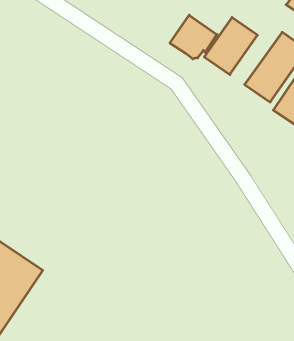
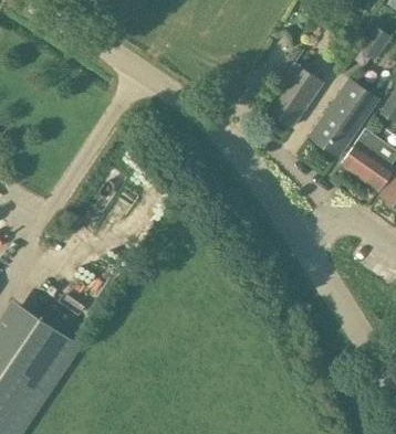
building: [170,15,217,59] -> none

